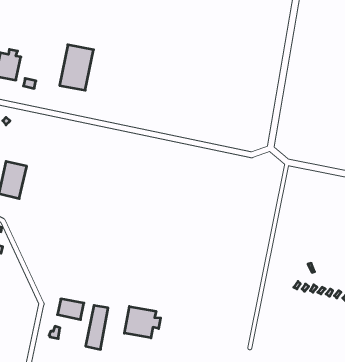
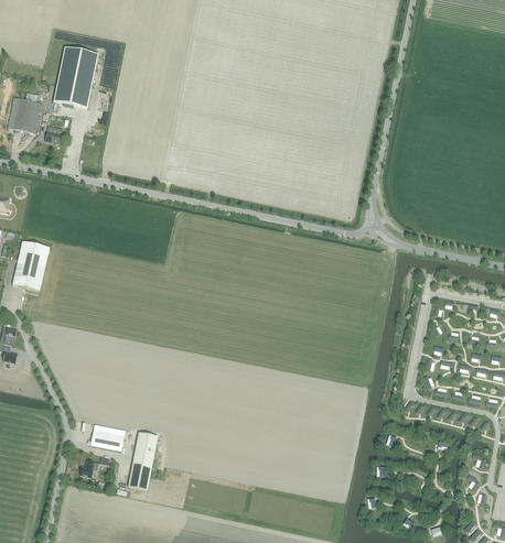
building: [60,45,94,90] -> [53,47,98,108]
building: [124,306,161,338] -> none

